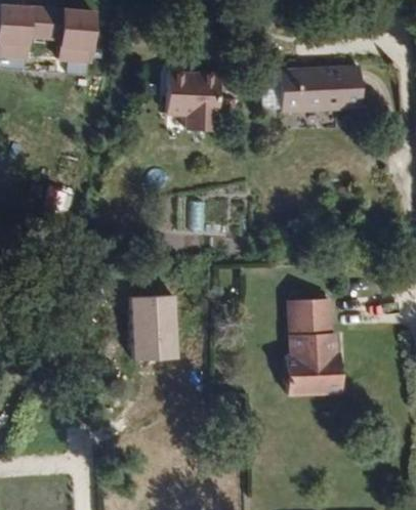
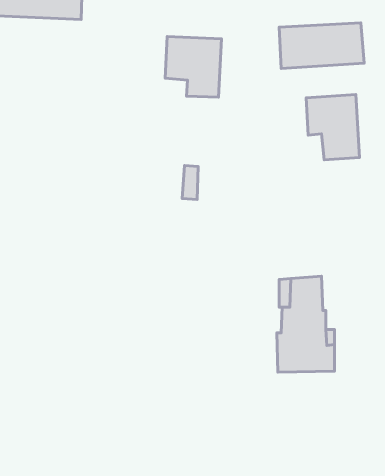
building: none -> [306,94,359,160]
building: [132,295,178,357] -> none

